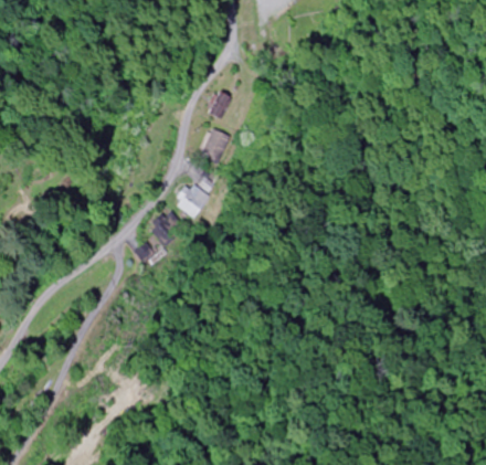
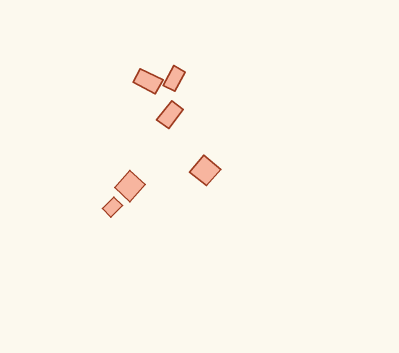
building: none -> [133,69,163,94]
building: [172,182,209,218] -> [189,155,221,186]

